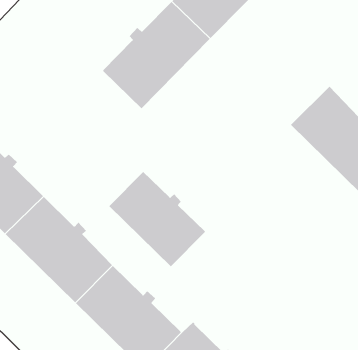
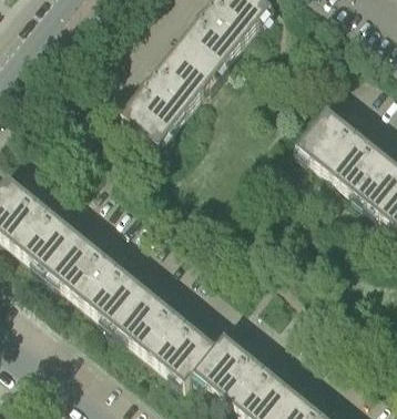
building: [108,171,205,267] -> none

